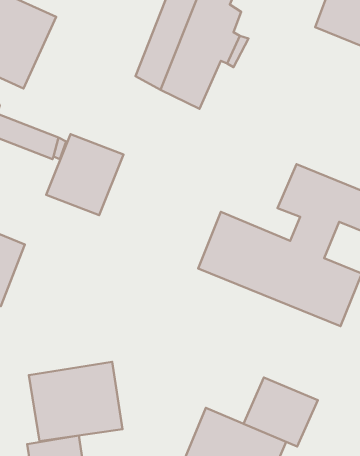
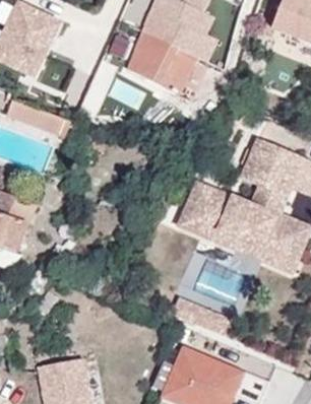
building: [46,134,123,215] -> none
building: [29,362,122,441] -> none
building: [243,378,318,446] -> none

